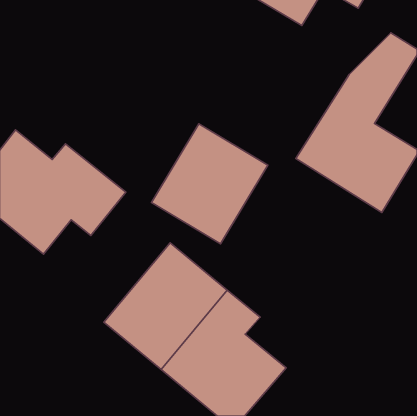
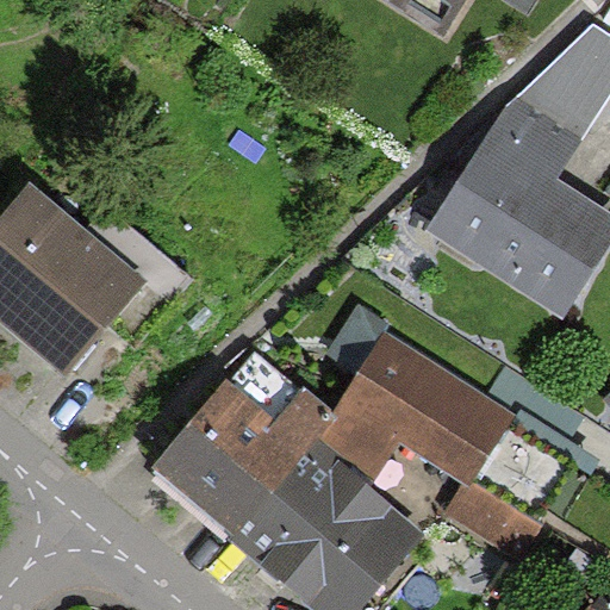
building: [151,124,268,244] -> none
building: none -> [331,336,565,549]

